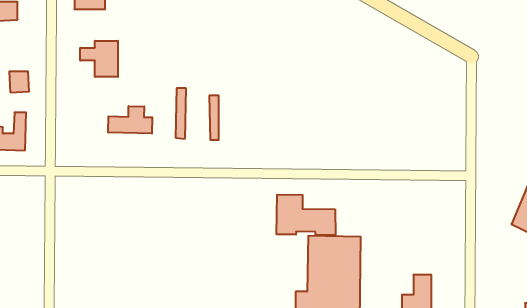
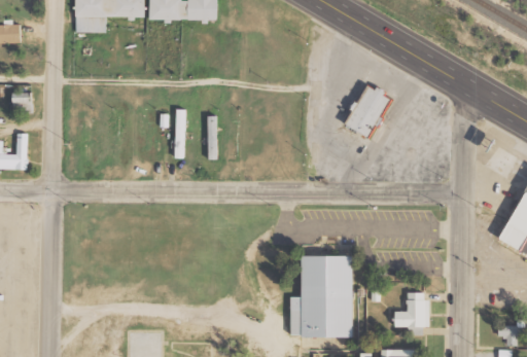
building: [80,41,118,77] -> none
building: none -> [347,83,390,136]
building: [108,106,152,134] -> none
building: [277,195,336,235] -> none

